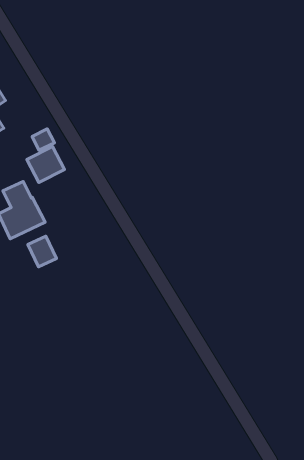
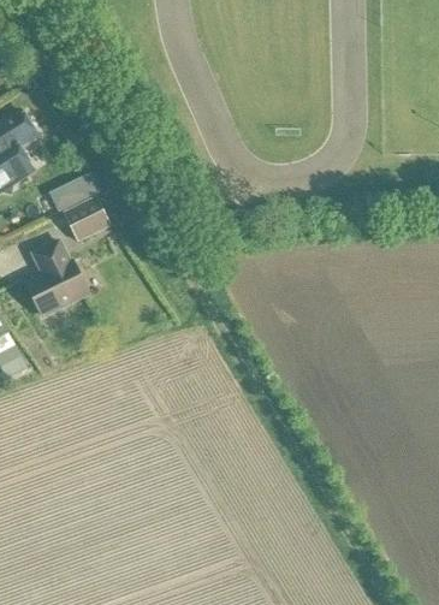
building: [28,236,57,267] -> none

